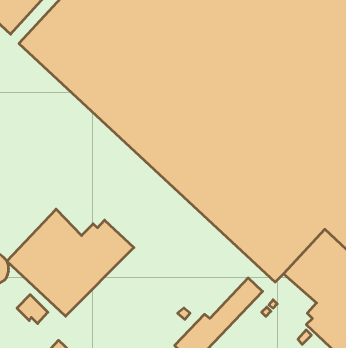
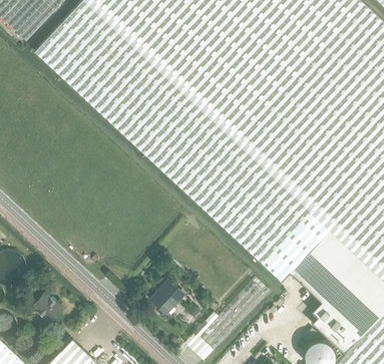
building: [7,209,134,316] -> none
building: none -> [152,278,183,312]

